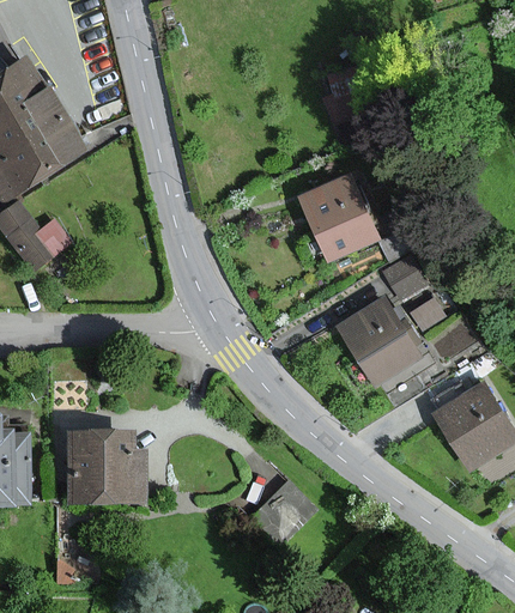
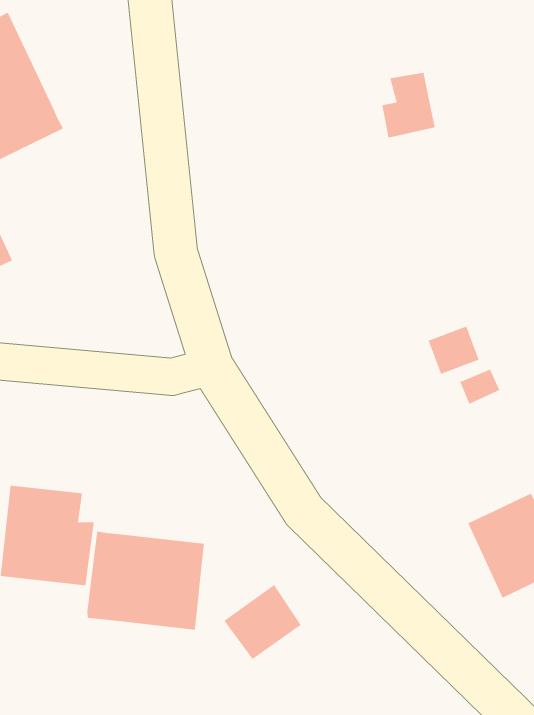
building: [297,177,374,260] -> none
building: [340,302,418,384] -> none
building: none -> [87,531,205,631]

